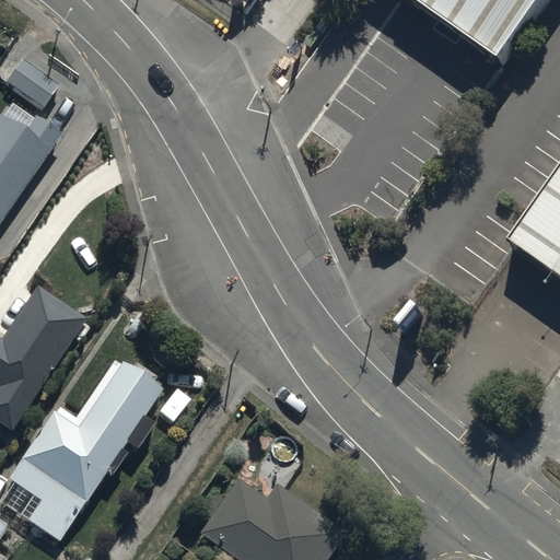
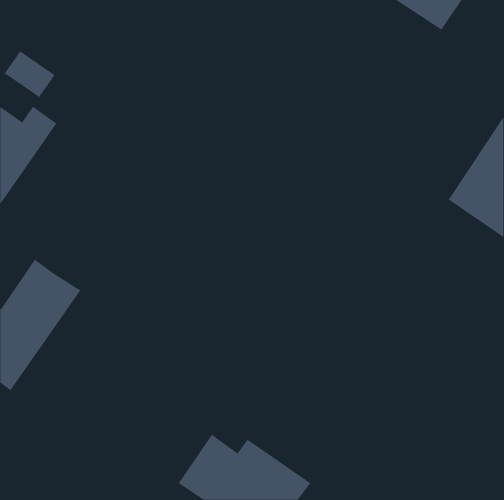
building: [7,363,161,542] -> none

